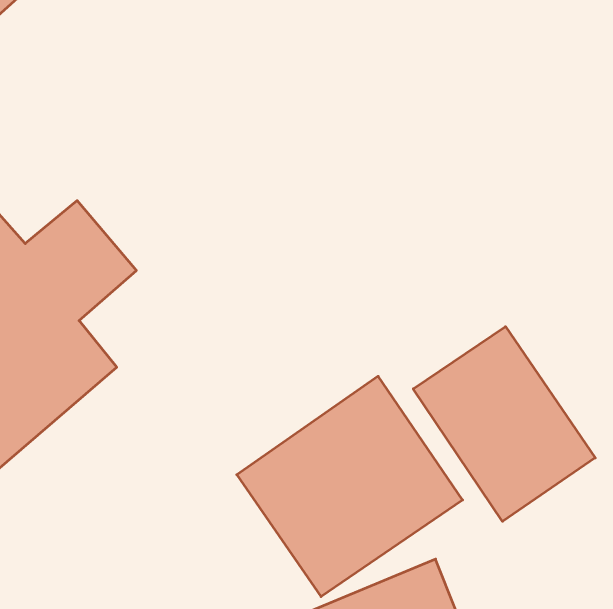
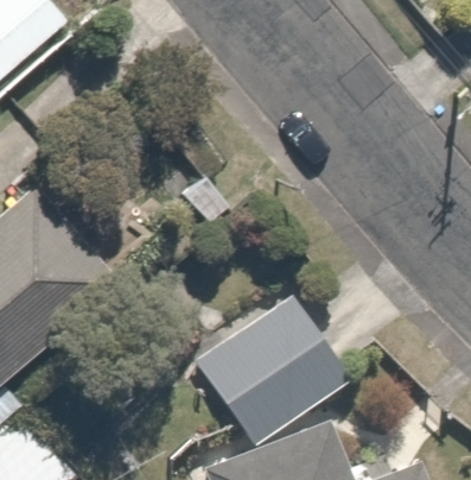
building: [413,327,595,521] -> none

